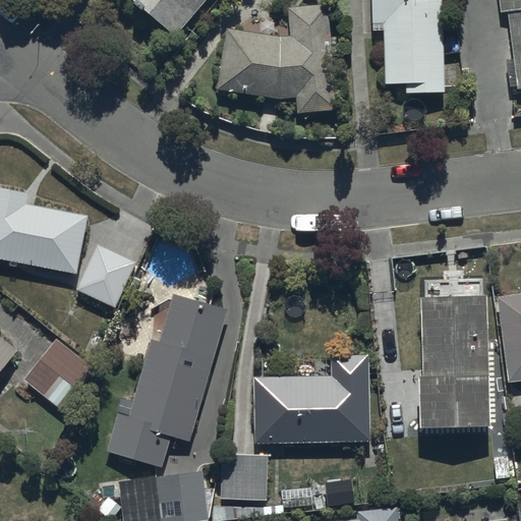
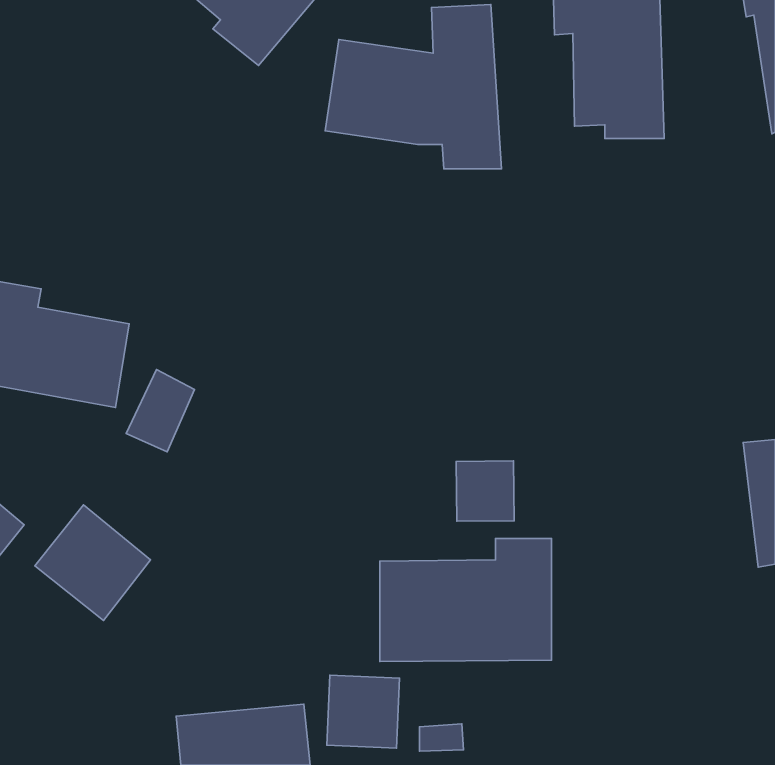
building: [420,293,491,435] -> none
building: [106,294,227,465] -> none
building: none -> [456,461,514,521]

